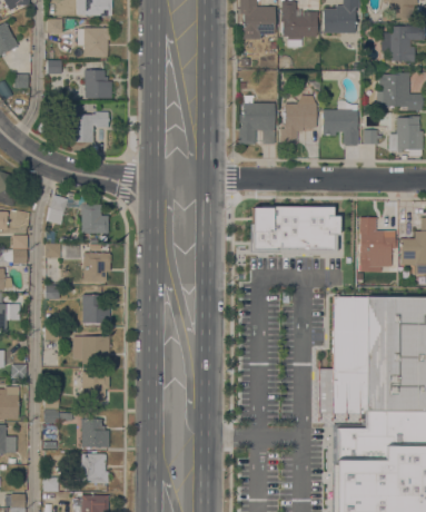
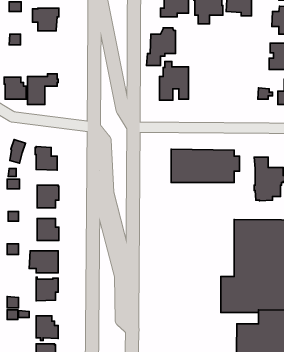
building: [83,70,111,98] -> [4,77,26,99]
building: [279,96,316,144] -> [147,28,175,66]
building: [321,100,358,146] -> none

